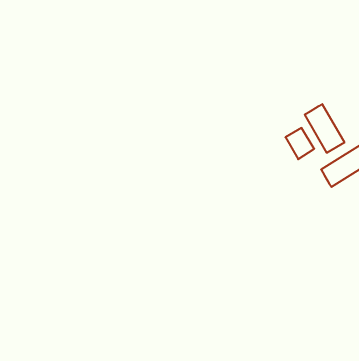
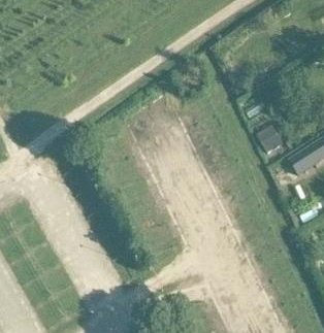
building: [305,104,344,153] -> none

